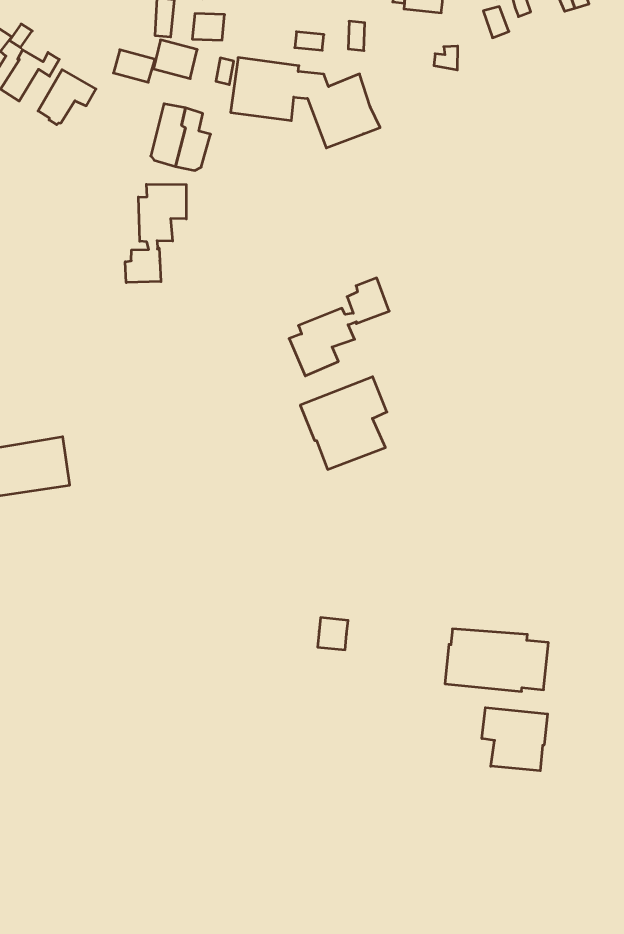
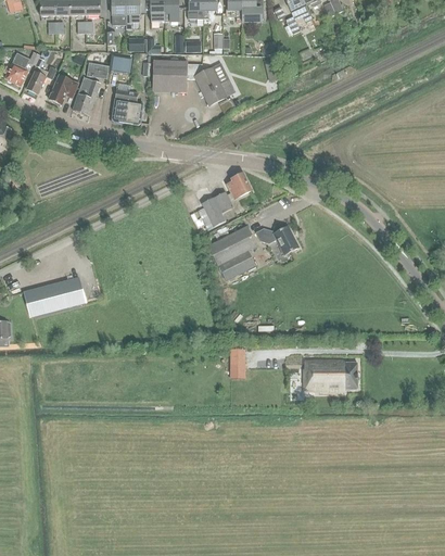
building: none -> [72,75,101,114]
building: [125,184,186,283] -> none
building: none -> [255,225,297,253]
building: [482,708,548,771] -> none

